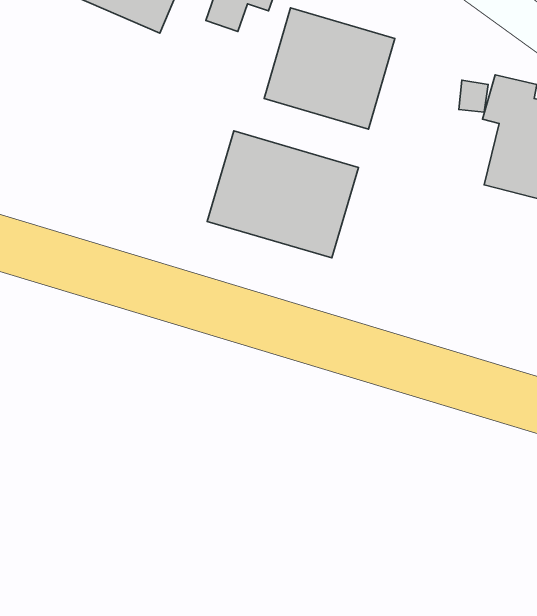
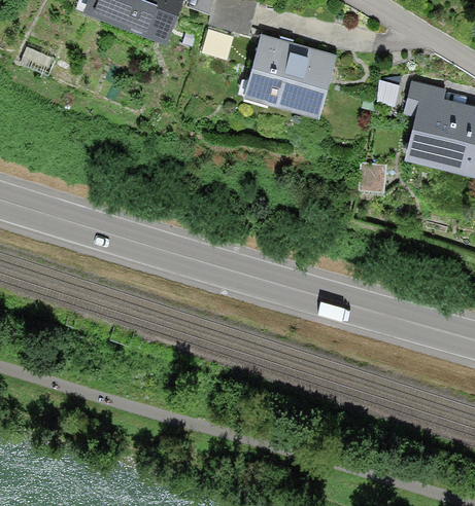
building: [207,131,358,258] -> none

